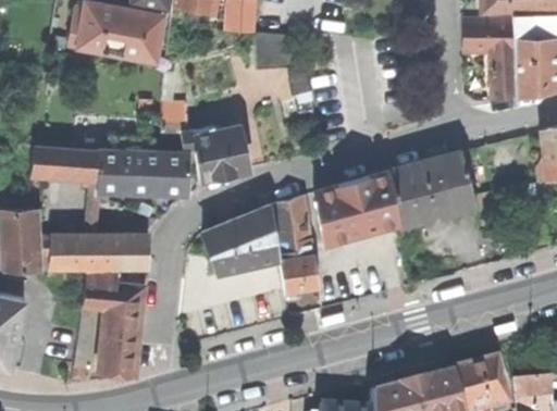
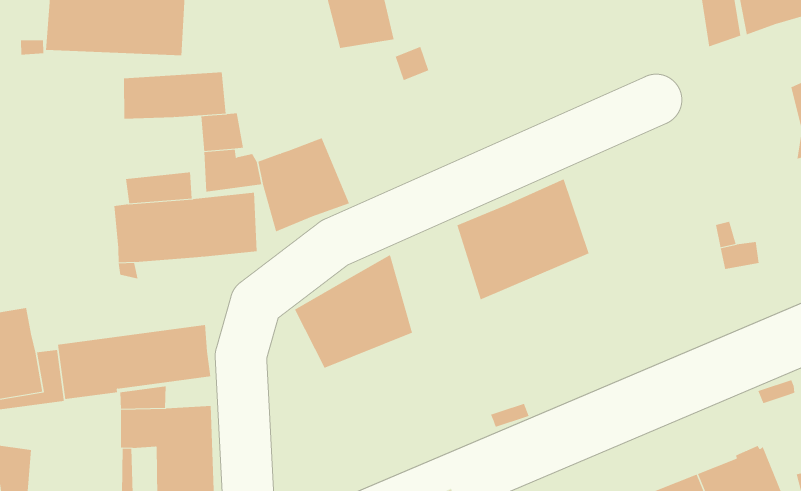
building: [32,146,99,177] -> [123,72,226,119]
building: [389,150,476,224] -> none
building: [274,196,321,299] -> none

